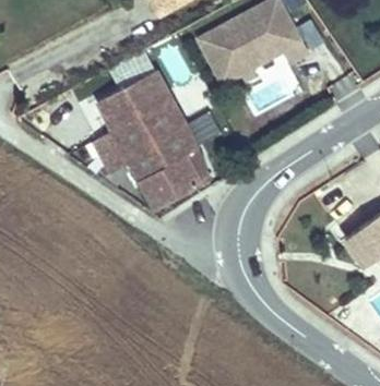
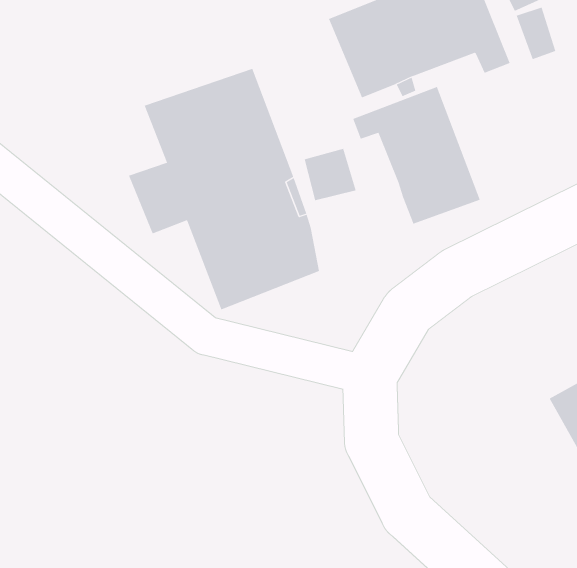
building: none -> [352,86,480,224]

